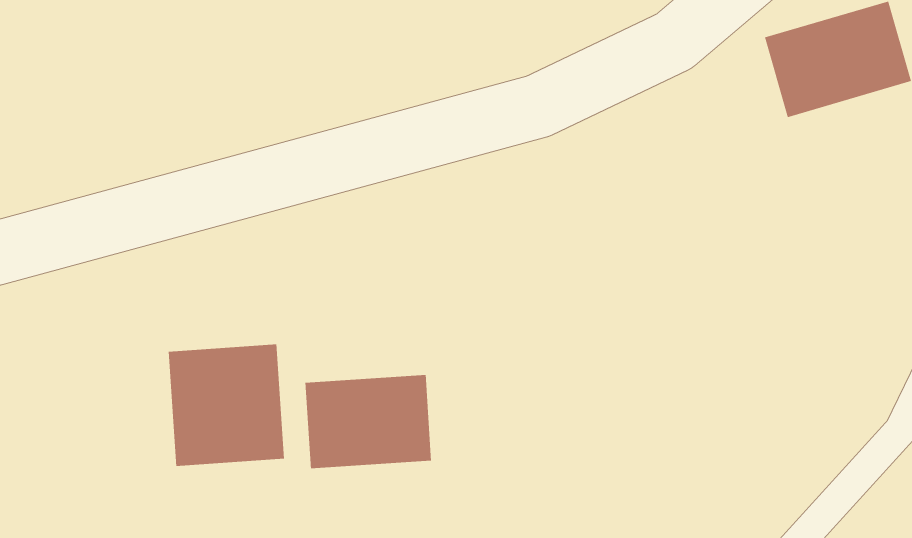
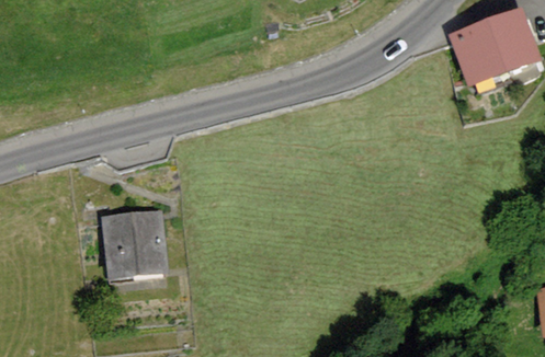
building: [305,374,432,469] -> none

